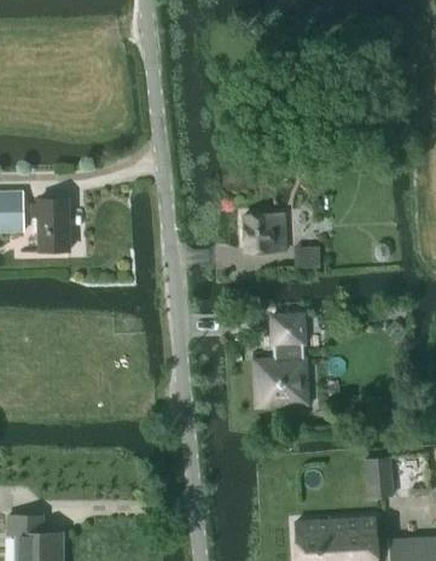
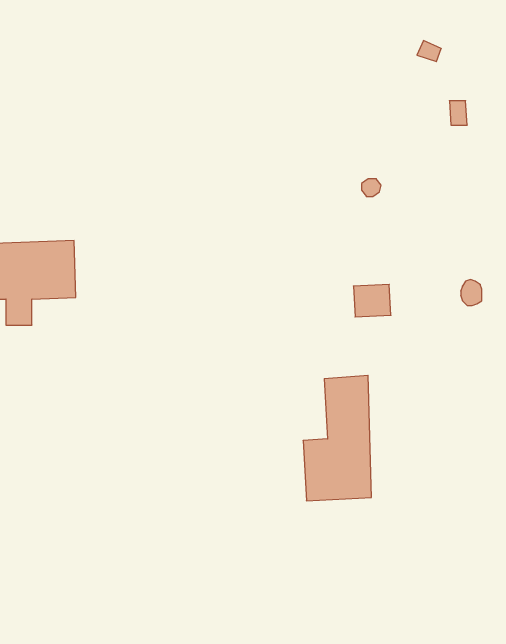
building: [243,211,287,251] -> none
building: [365,455,394,495] -> none

